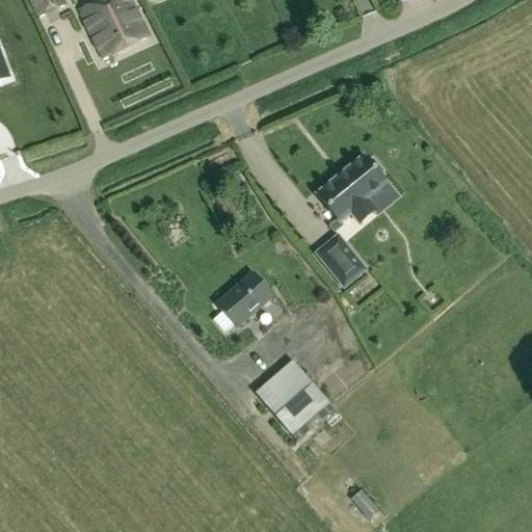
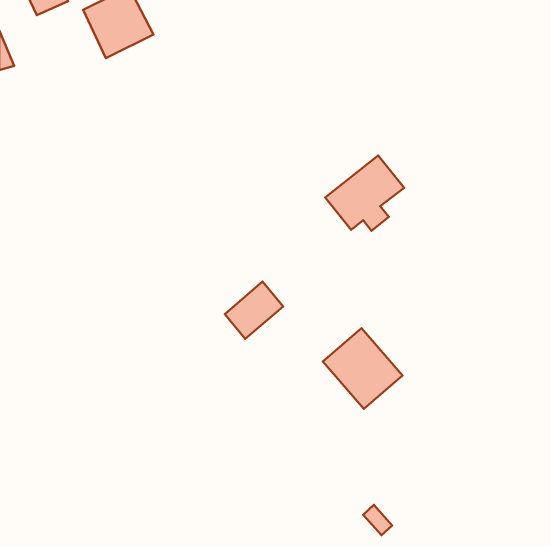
building: [312,229,366,286] -> none
building: [256,361,332,438] -> [323,328,403,409]

